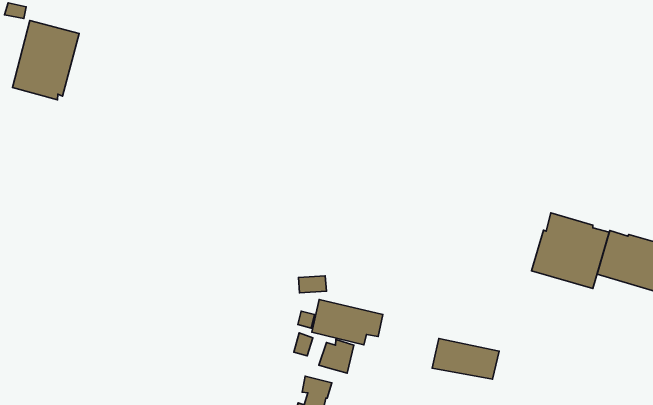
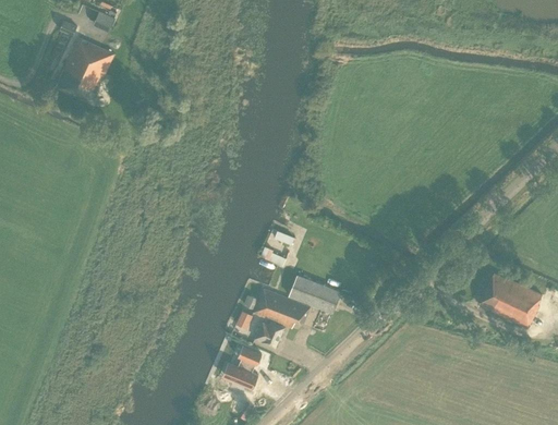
building: [531,213,609,288] -> none
building: [432,339,499,379] -> [288,275,341,313]

